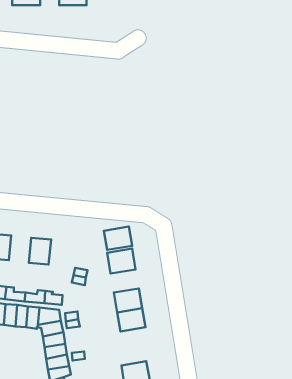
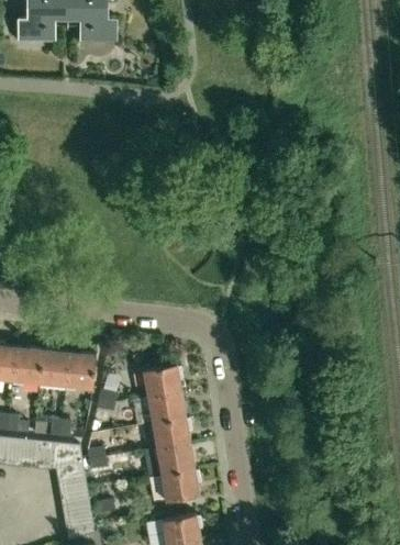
building: [104,227,132,250] -> [147,391,185,422]
building: none -> [12,346,42,382]
building: none -> [65,352,96,388]
building: none -> [160,468,199,501]

